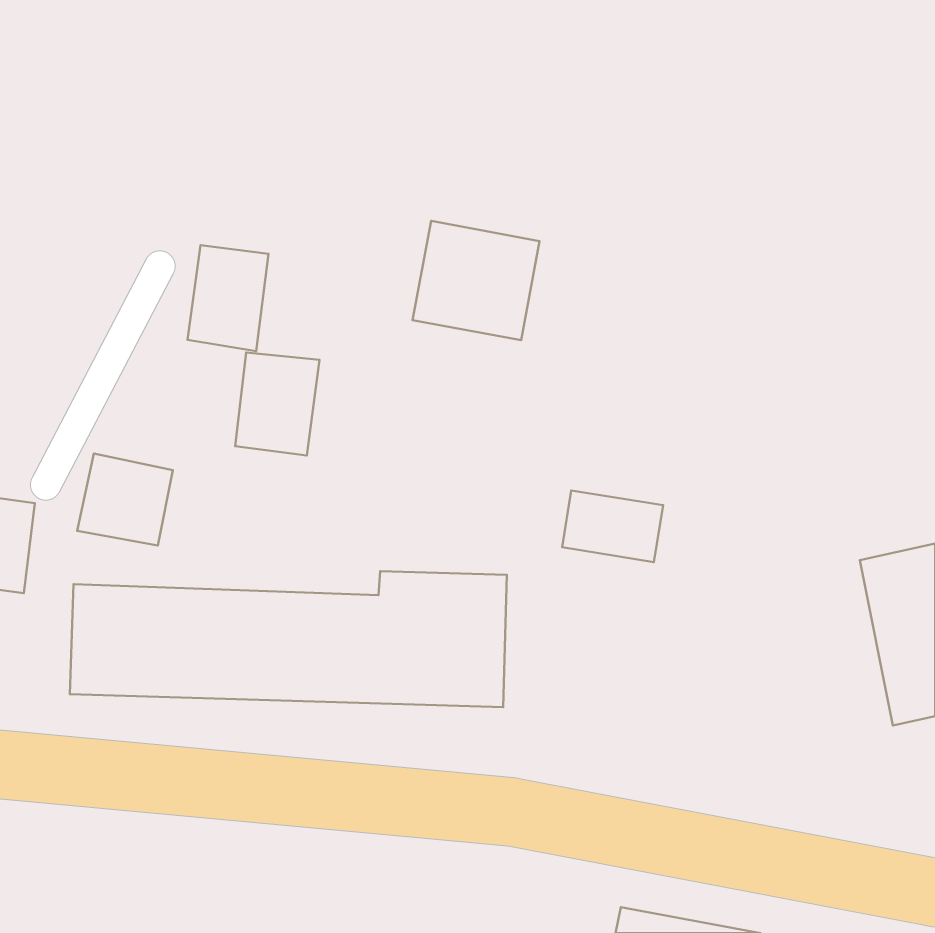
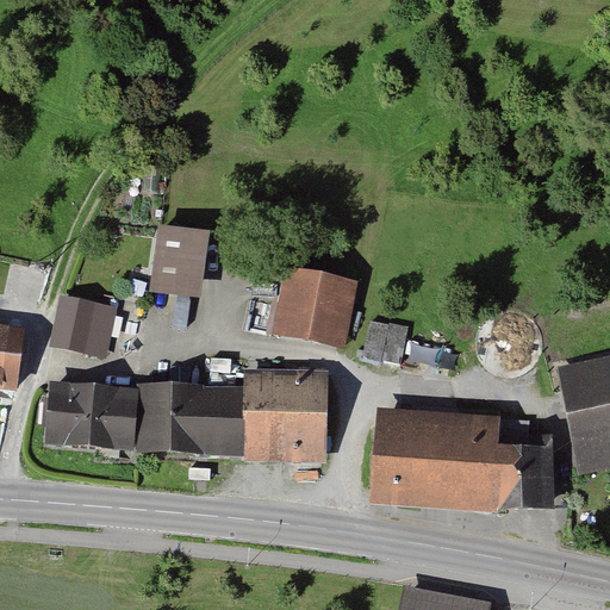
building: [413,221,539,340] -> [273,269,355,347]
building: [188,245,268,351] -> none
building: none -> [374,411,554,512]

